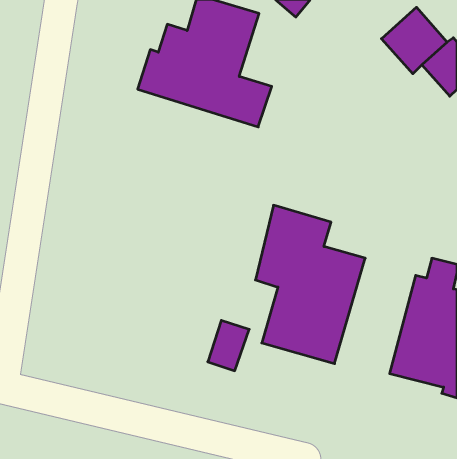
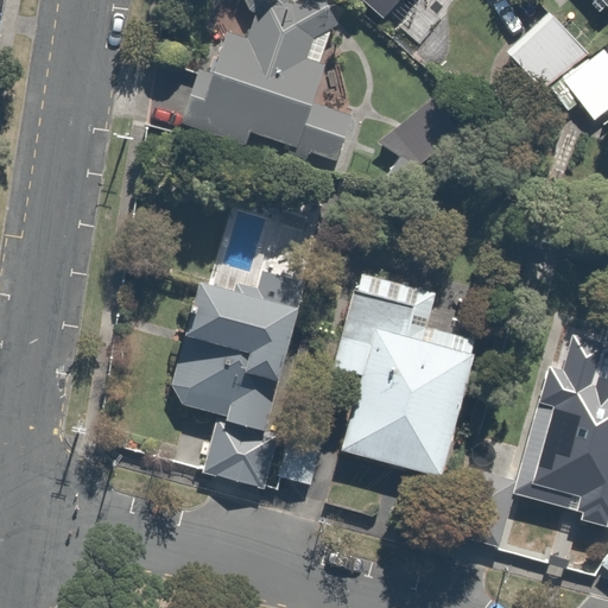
building: none -> [163,271,325,490]

